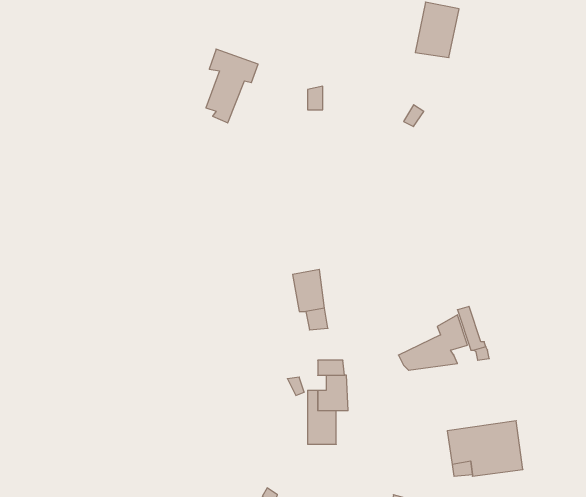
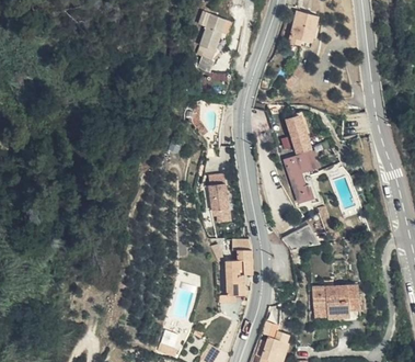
building: [206,49,258,123] -> [197,14,231,63]
building: none -> [285,112,319,203]

